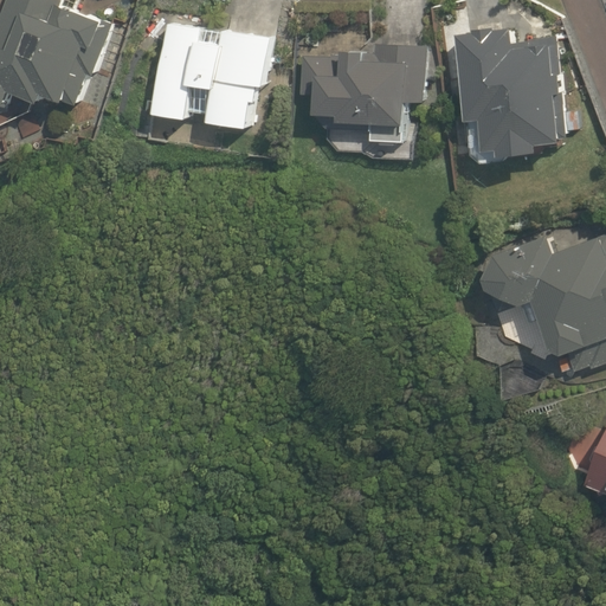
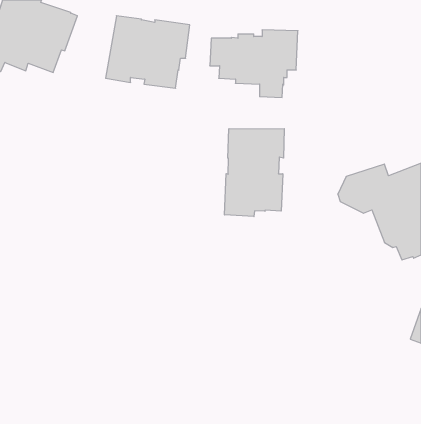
building: [452,26,578,163] -> none
building: none -> [225,129,284,217]

